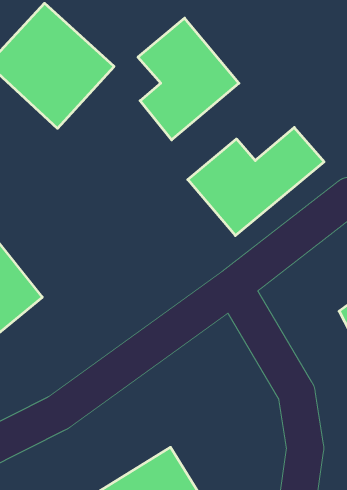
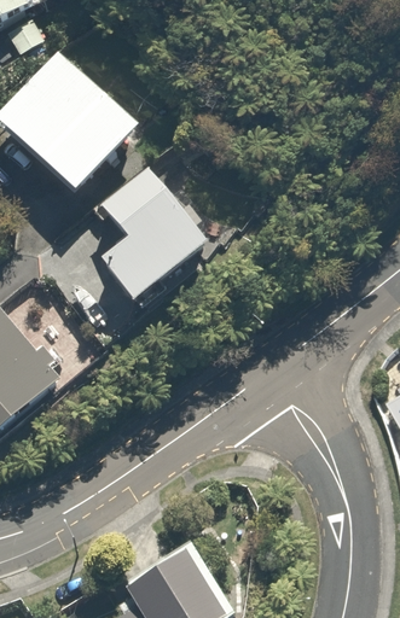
building: [138,18,239,140] -> [95,164,208,299]
building: [188,127,324,236] -> none

